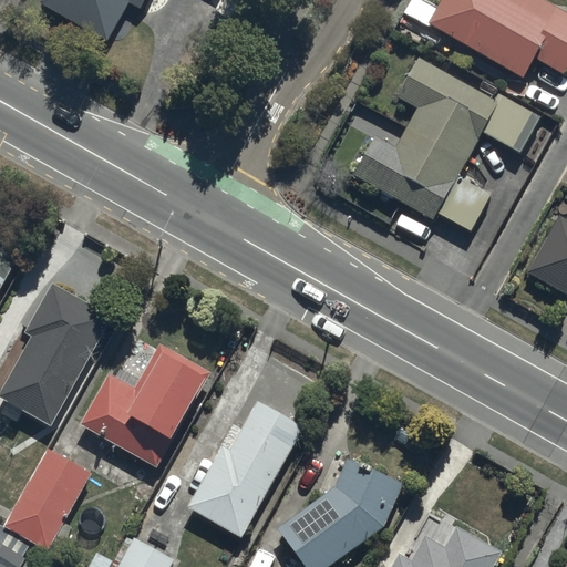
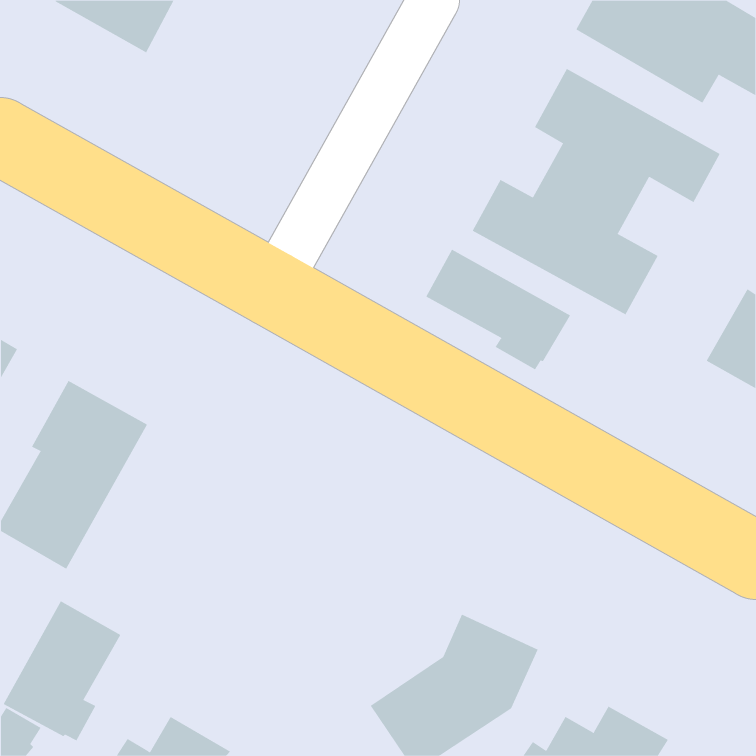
building: none -> [425,249,571,370]
building: [79,347,208,470] -> none
building: [186,402,303,539] -> none

